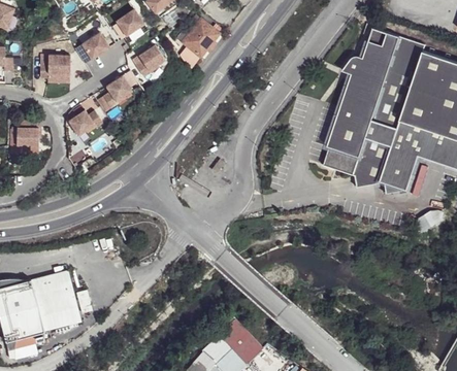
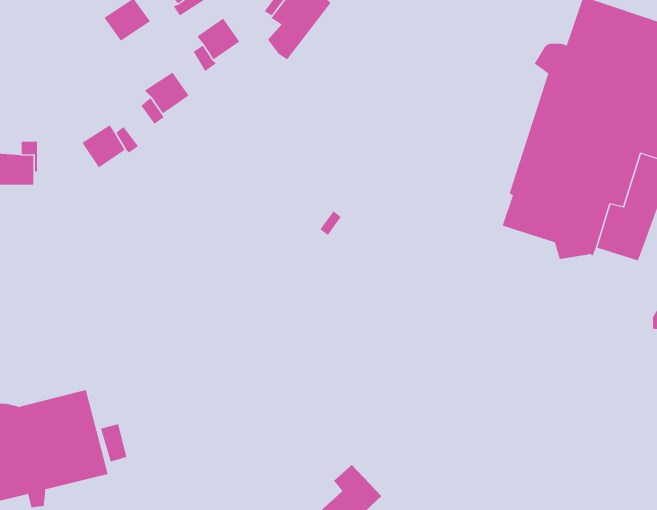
building: [40,55,68,83] -> none

